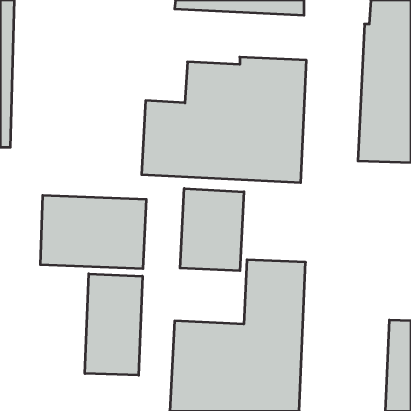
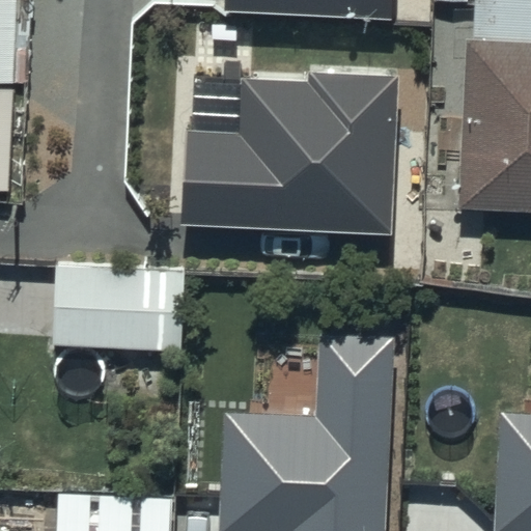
building: [180,188,244,271] -> none
building: [85,274,142,375] -> none

